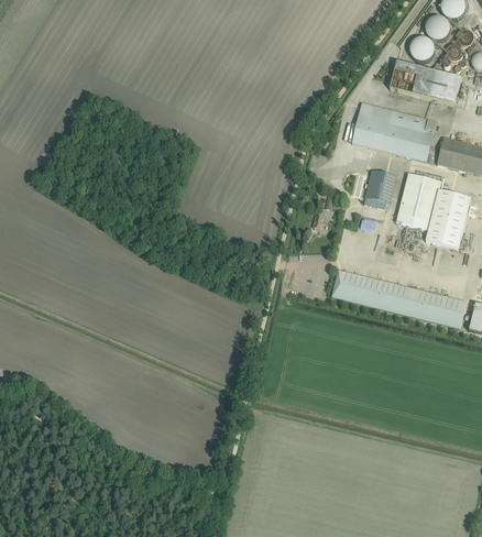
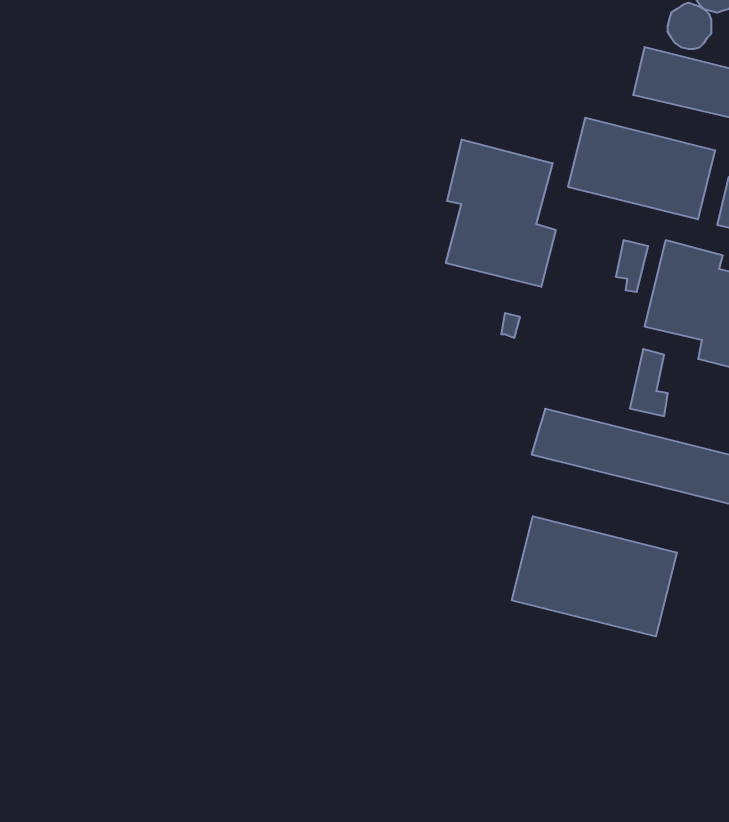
building: none -> [446,139,556,287]
building: [363,168,385,207] -> [630,349,668,416]
building: none -> [512,516,677,636]

